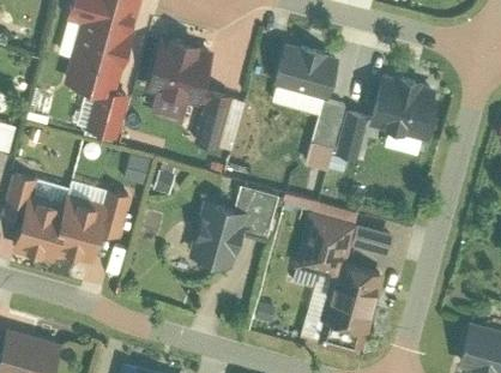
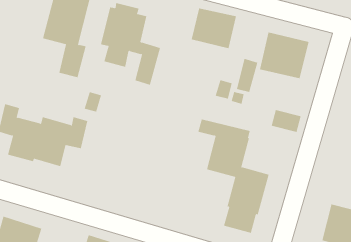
building: [314,101,345,146] -> none
building: [191,187,278,267] -> none
building: [350,223,393,255] -> [271,109,302,133]

